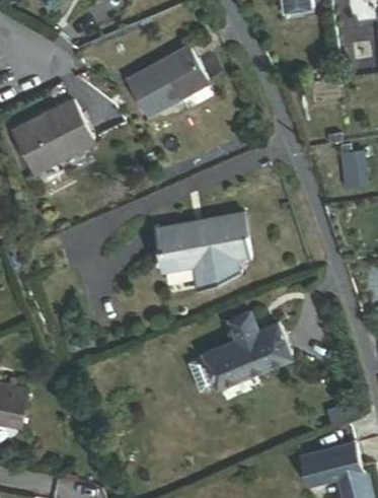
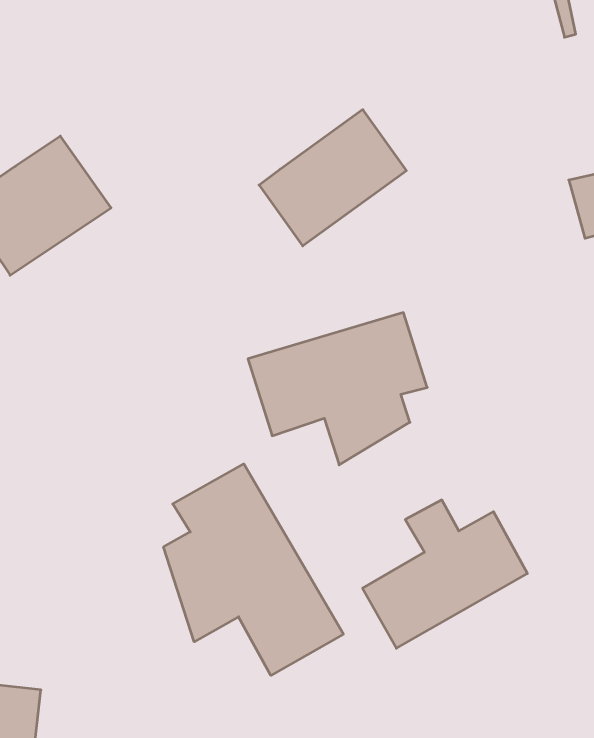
building: [130,48,208,116] -> [259,110,406,246]
building: none -> [164,464,343,675]

